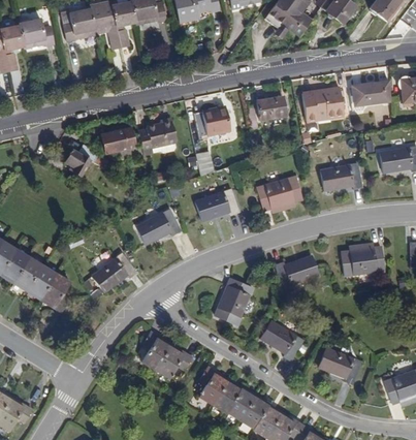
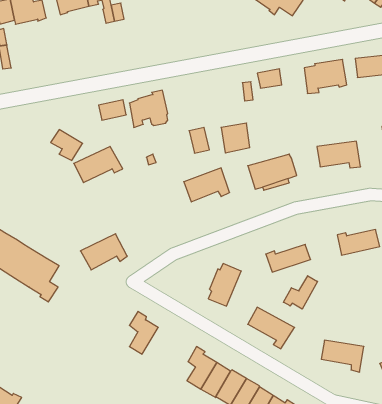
building: [205,104,233,133] -> [221,123,250,153]
building: [137,211,185,246] -> [74,146,123,183]
building: none -> [283,276,318,309]
building: [151,344,189,378] -> none

